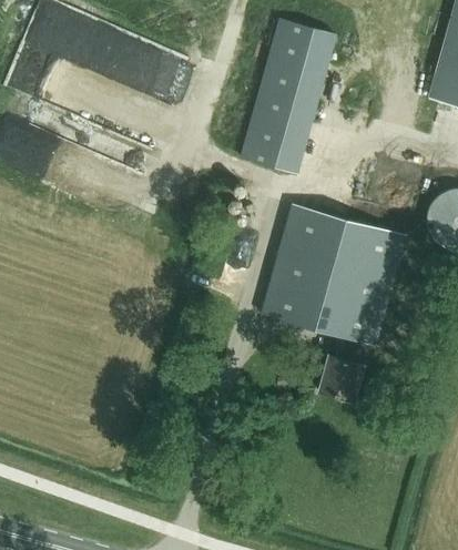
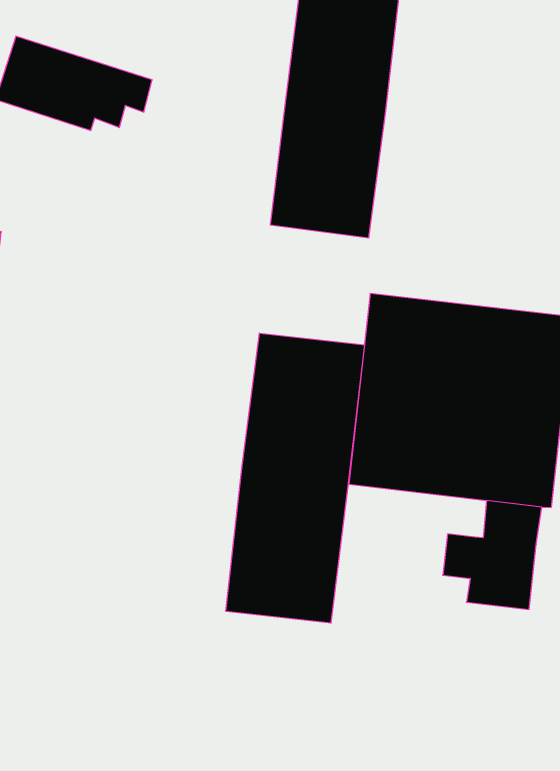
building: none -> [226,333,364,623]

